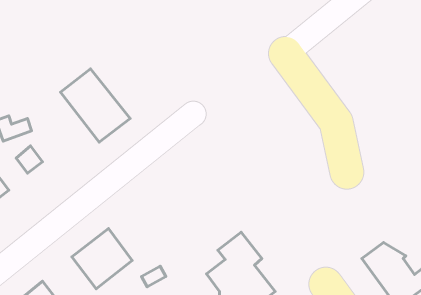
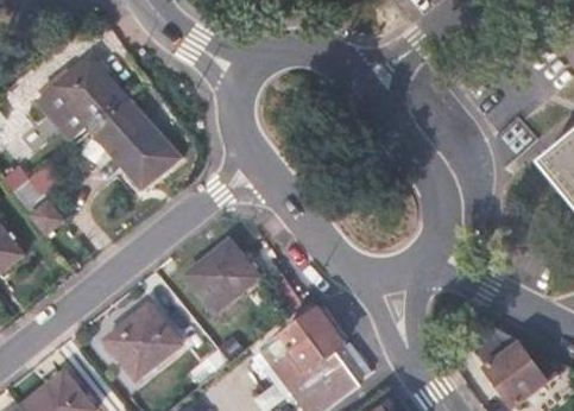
building: none -> [36,59,126,141]
building: none -> [185,239,260,311]

